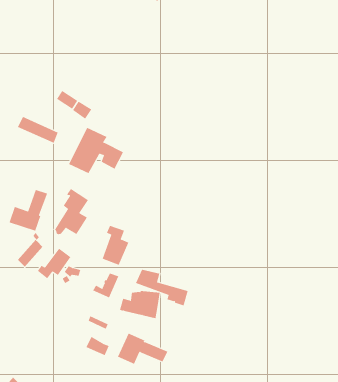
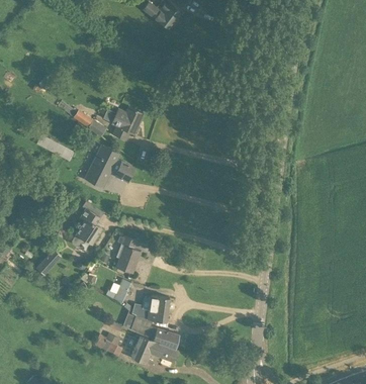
building: none -> [109,106,143,139]
building: [9,189,48,232] -> none
building: [37,248,71,279] -> none
building: [135,269,188,306] -> [128,314,178,349]

